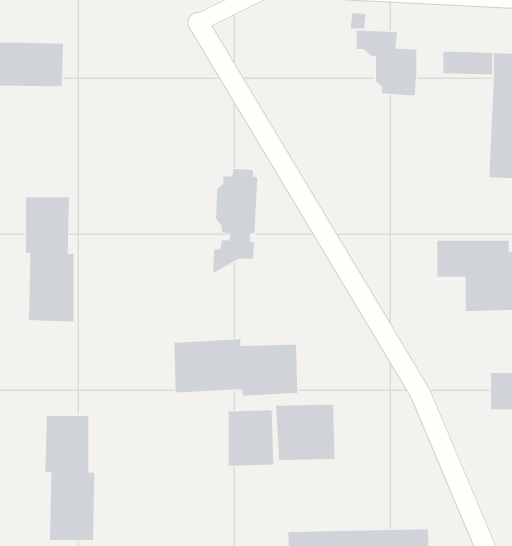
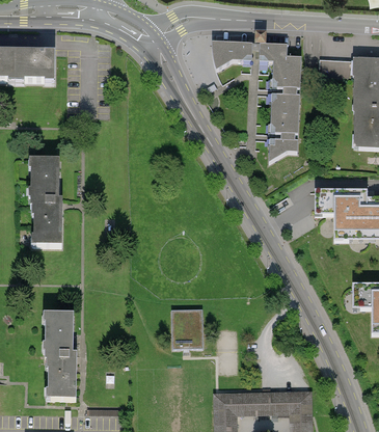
building: none -> [213,42,253,71]
building: [212,168,258,274] -> [269,88,301,162]
building: [174,339,298,397] -> none
building: [276,404,335,461] -> none

